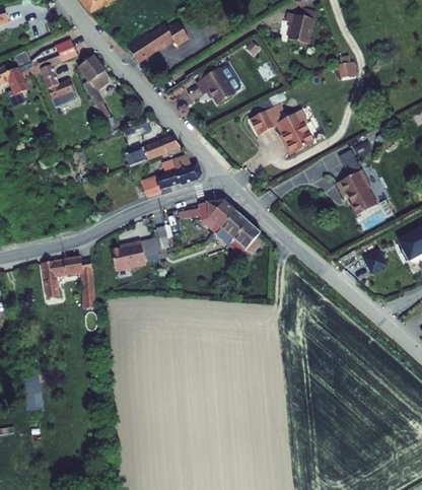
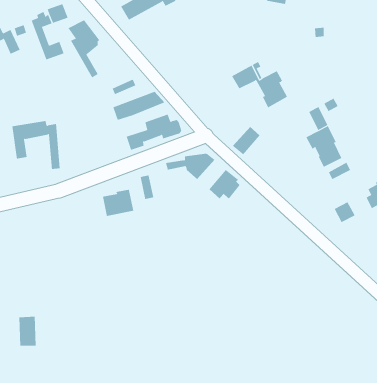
building: [194,67,233,103] -> none
building: [215,209,245,240] -> [232,126,260,155]
building: [42,257,94,309] -> [12,121,60,170]

